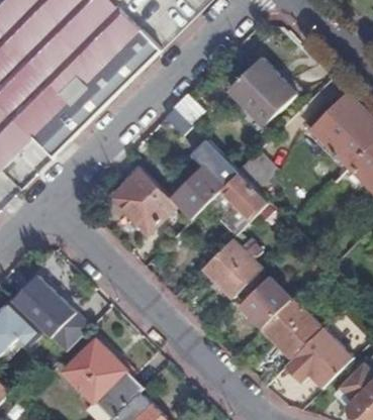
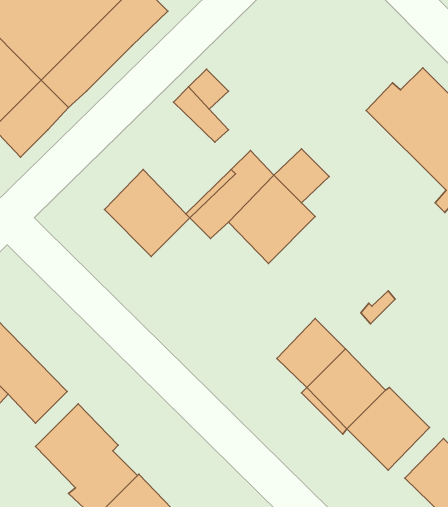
building: [229,59,296,126] -> none
building: [202,239,261,298] -> none

